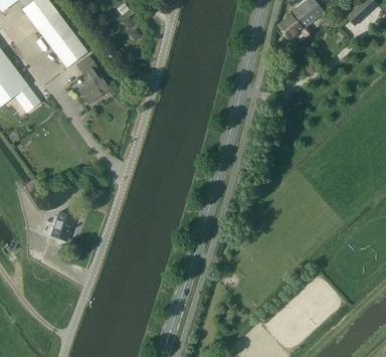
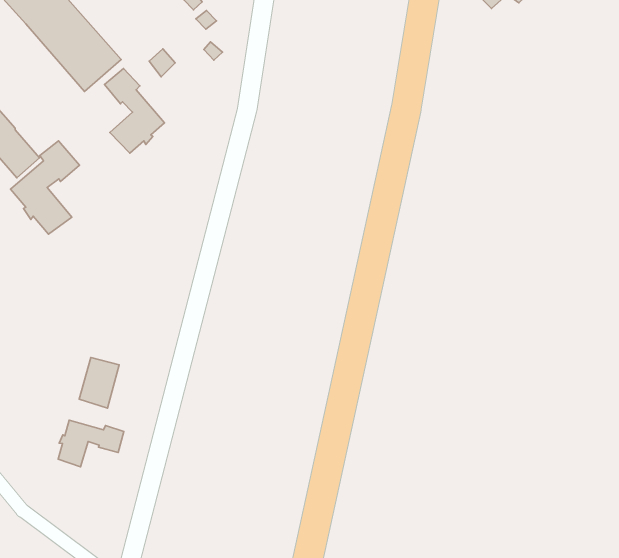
building: none -> [10,141,80,234]
building: none -> [58,420,124,467]

